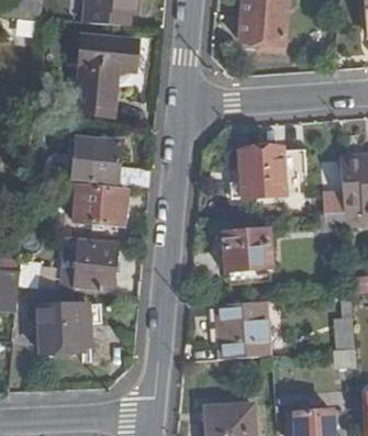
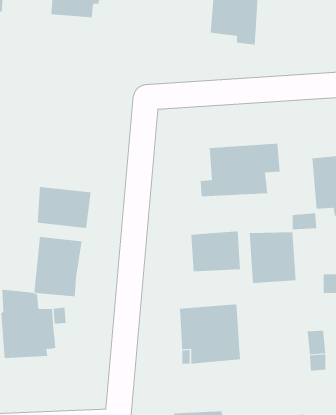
building: [76,36,134,115] -> none
building: [73,139,120,186] -> none
building: none -> [249,231,296,284]

